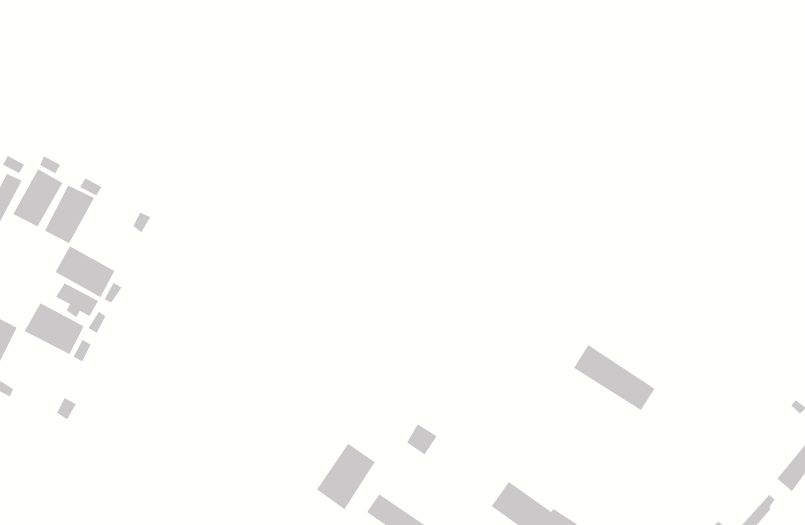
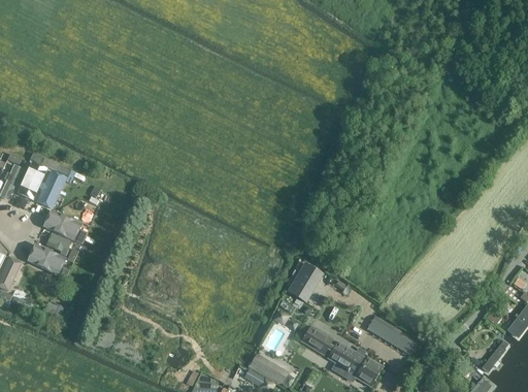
building: [573,344,655,411] -> [367,314,420,354]
building: none -> [288,262,323,301]
building: [316,443,375,510] -> none
building: none -> [301,325,333,354]

